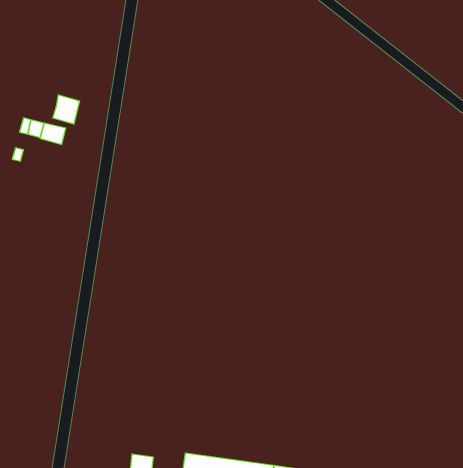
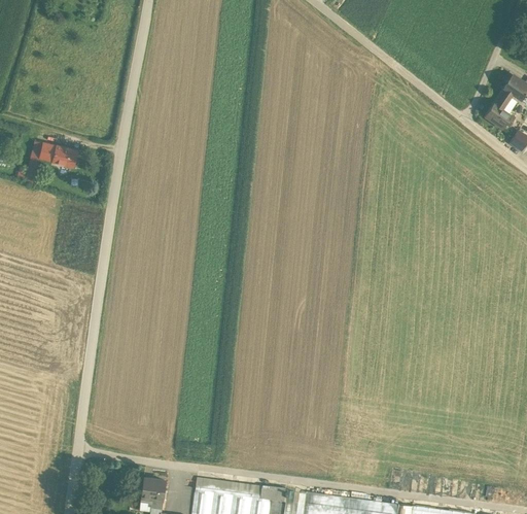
building: [53,95,80,124] -> none

